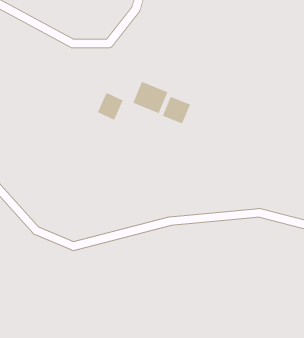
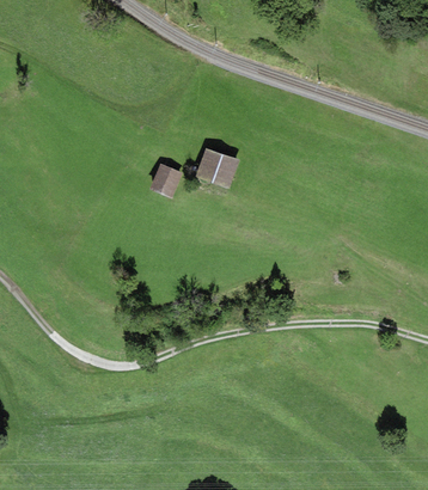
building: [162,96,191,124] -> none

